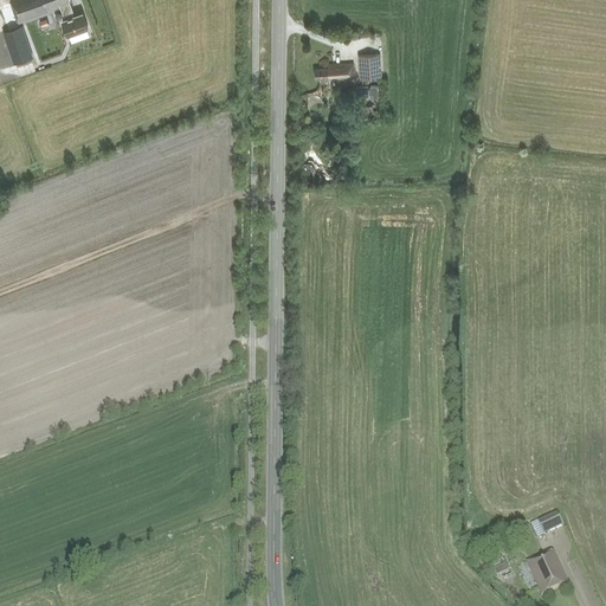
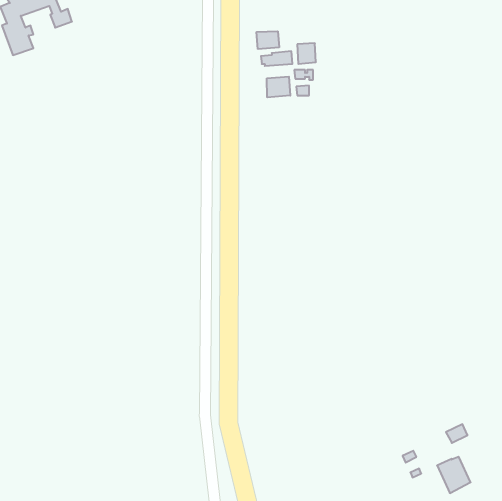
building: none -> [257,31,279,49]
building: none -> [267,77,290,97]

